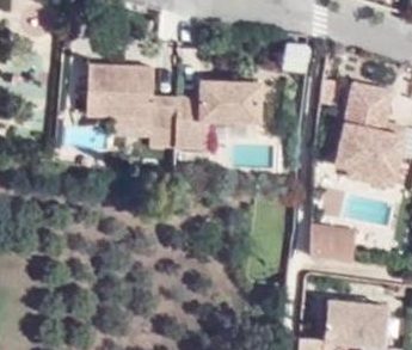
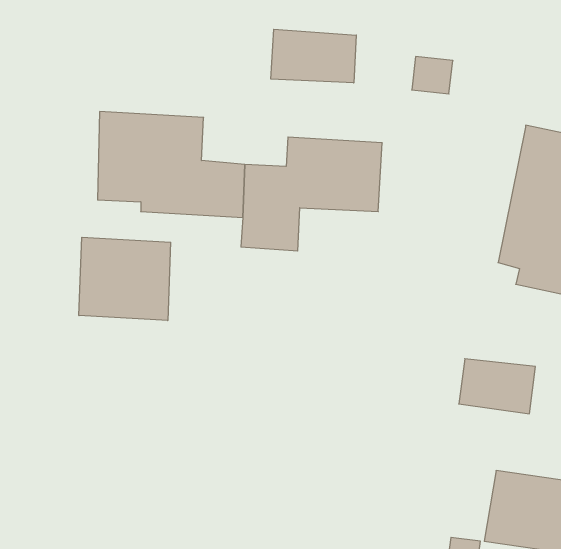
building: none -> [271,29,356,83]
building: none -> [79,237,171,321]

